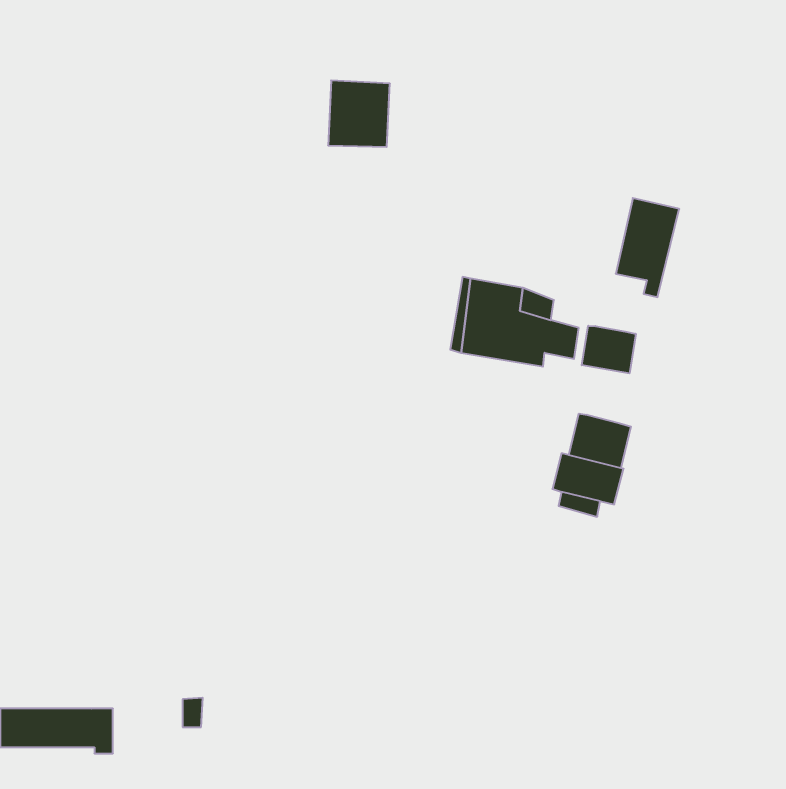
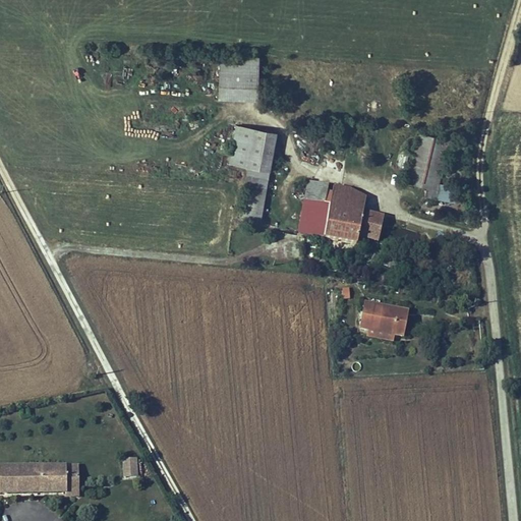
building: none -> [231,123,276,216]
building: [582,326,636,373] -> none
building: [569,414,631,468] -> none

